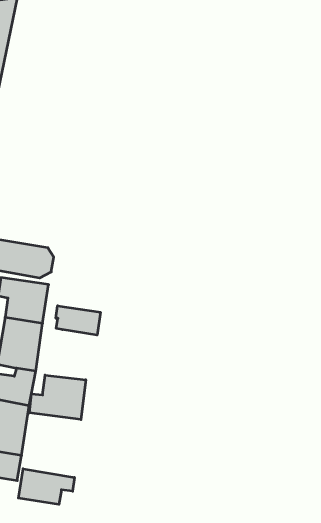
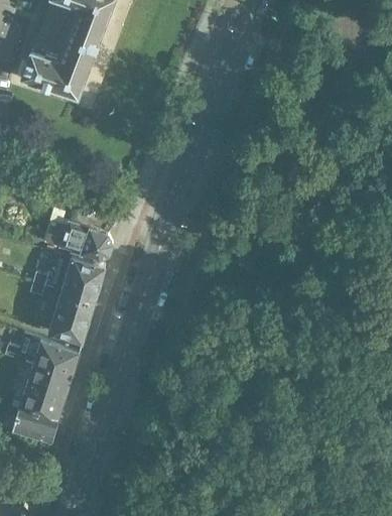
building: [56,306,100,335] -> none
building: [29,375,86,420] -> none
building: [18,469,74,504] -> none

